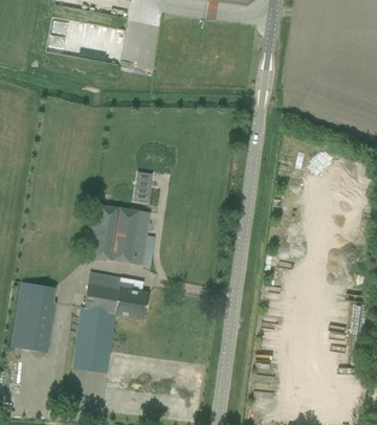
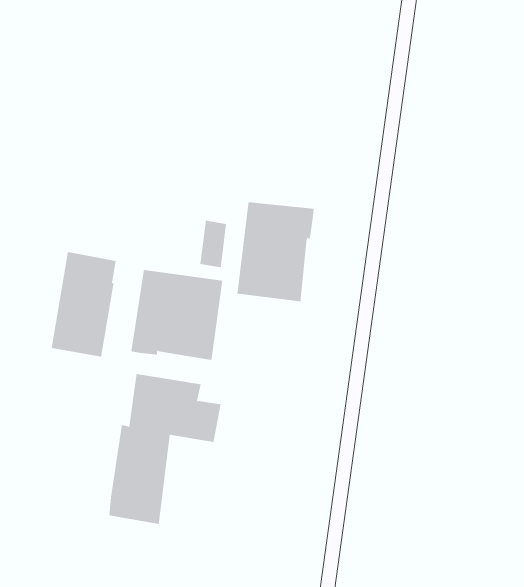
building: none -> [237,202,314,302]
building: [11,281,54,350] -> [51,252,116,357]

